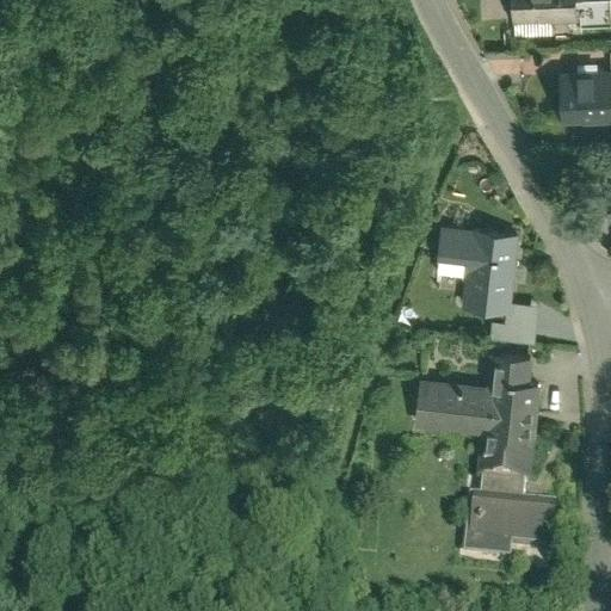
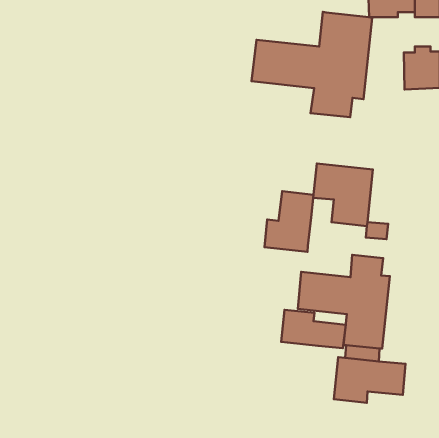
building: none -> [251,12,372,117]
building: none -> [264,191,314,252]
building: none -> [281,310,346,348]

